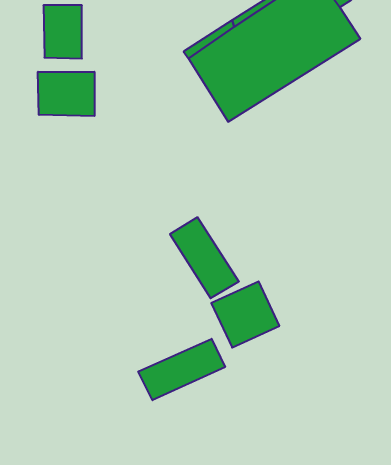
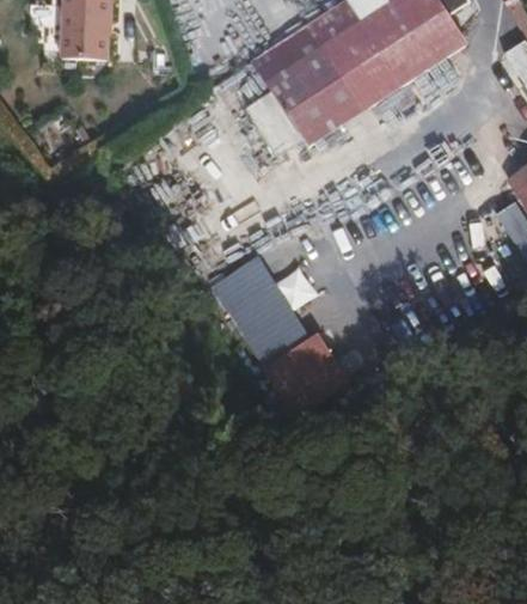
building: [38,72,94,116] -> none
building: [138,339,225,400] -> none

